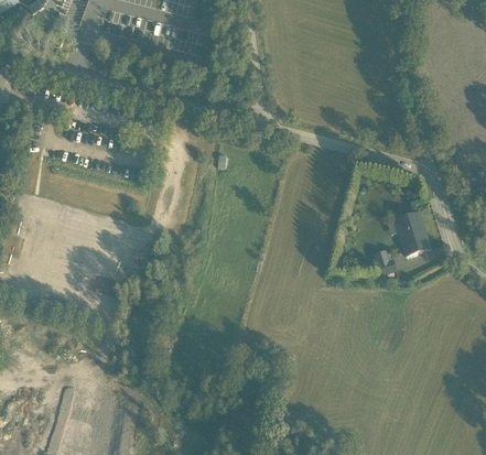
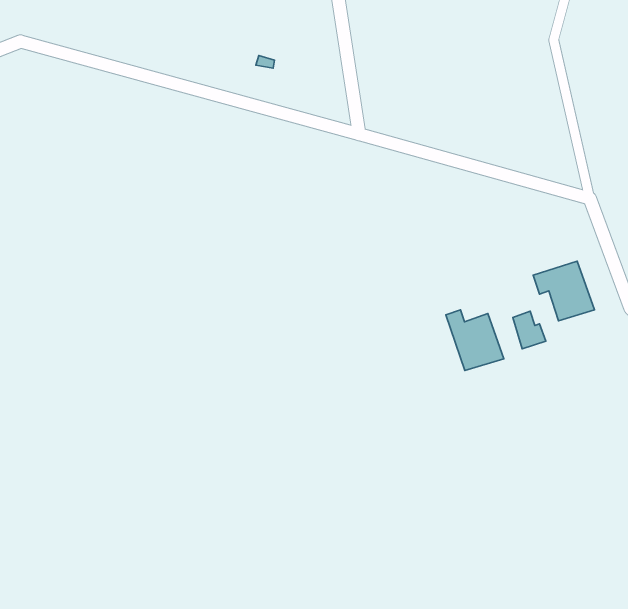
building: none -> [446,310,504,371]

